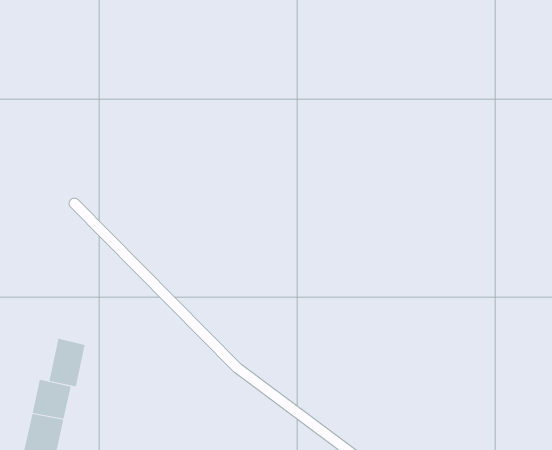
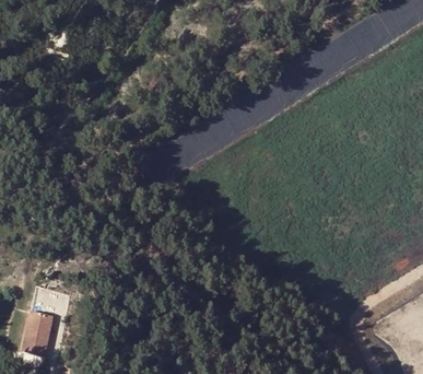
building: [49,338,85,387] -> none

